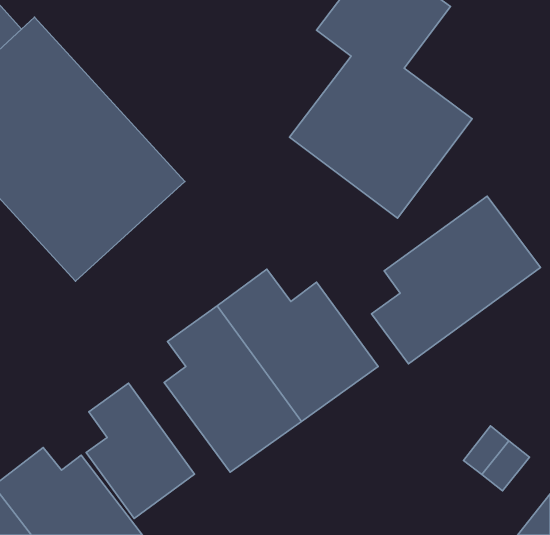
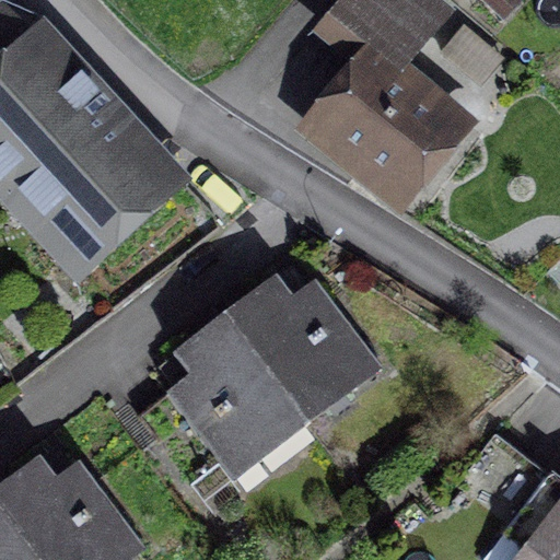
building: [371,196,541,364] -> none
building: [86,383,195,519] -> none

